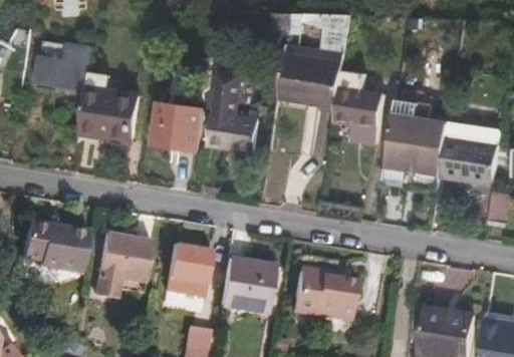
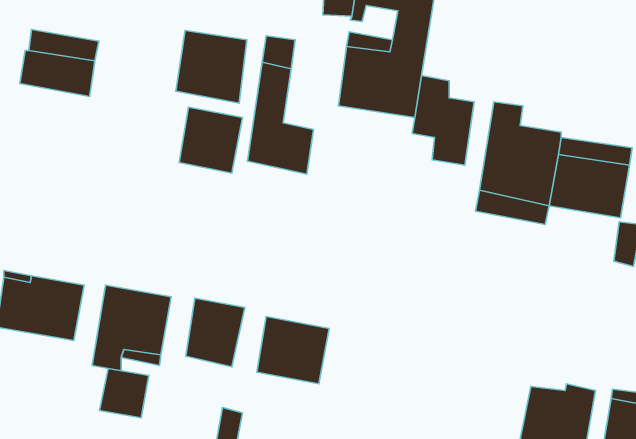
building: [83,85,138,140] -> [176,31,247,103]
building: [289,269,351,324] -> none
building: none -> [100,368,149,418]

